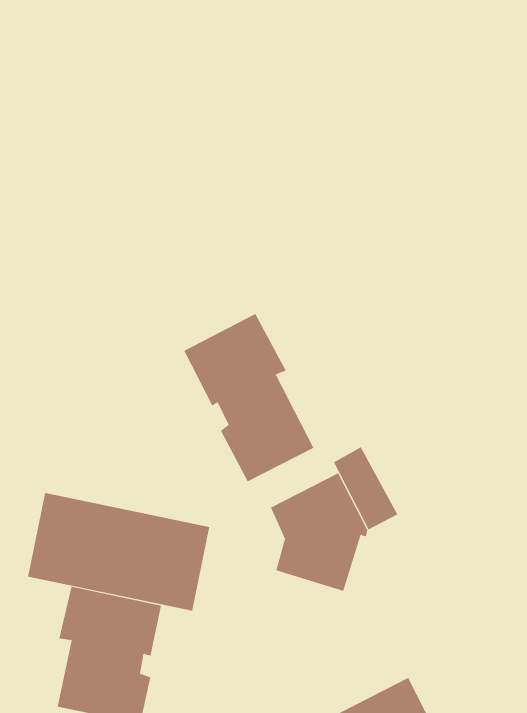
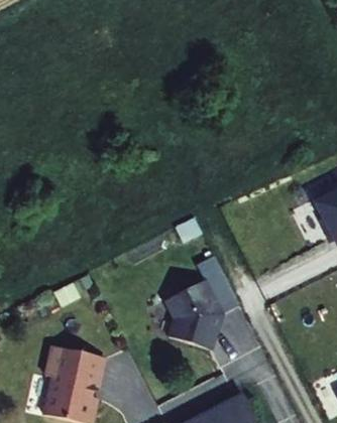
building: [183,313,314,482] -> none
building: [28,492,210,612] -> none

